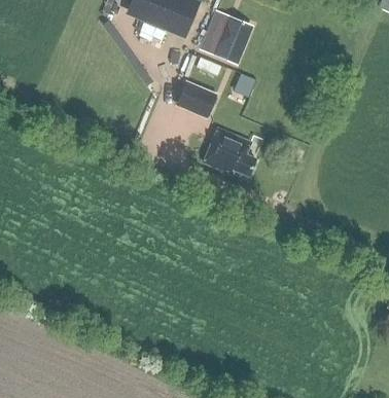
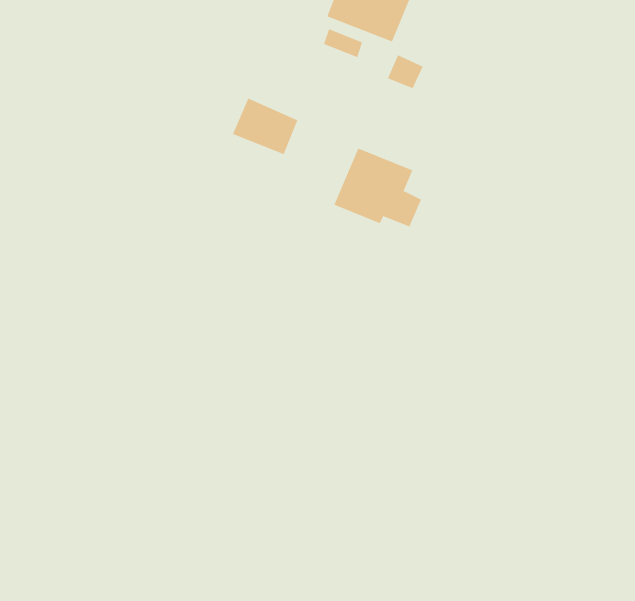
building: [177,80,216,114] -> [232,98,298,155]

